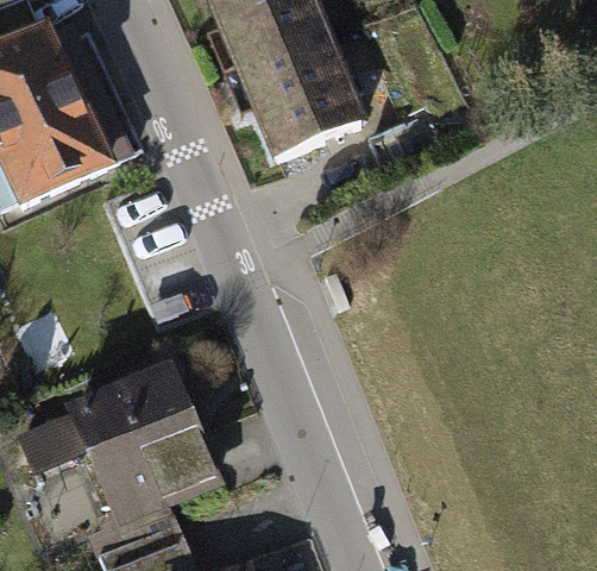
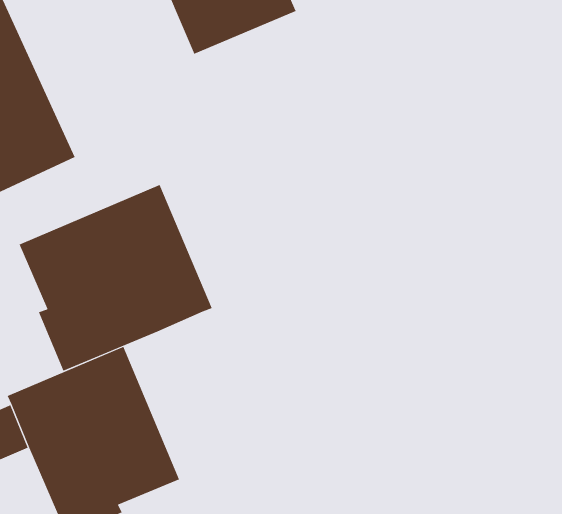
building: [239,43,375,176] -> none
building: none -> [19,184,212,372]

